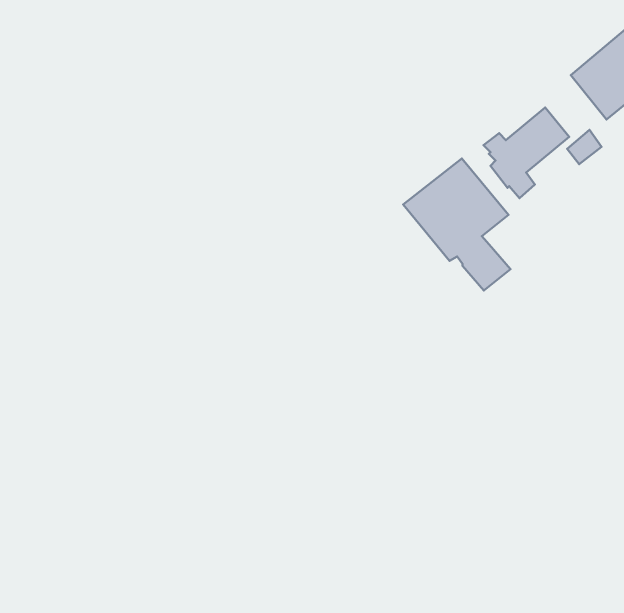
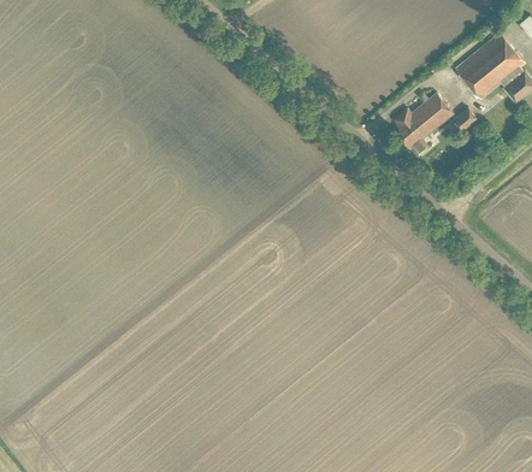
building: [403,158,511,291] -> none

